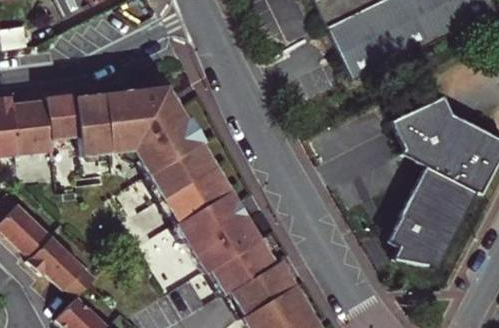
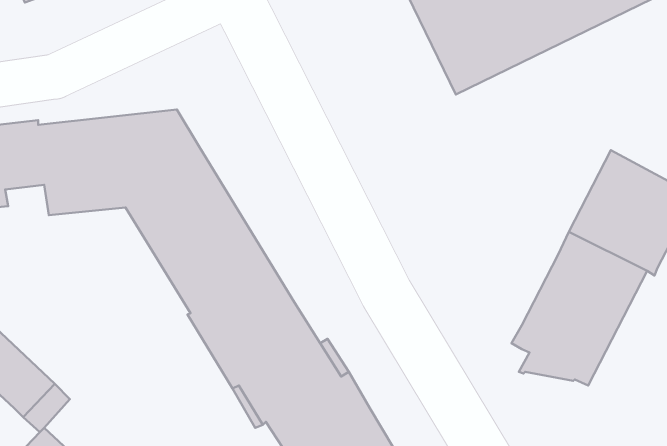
building: [393,97,455,168] -> none

